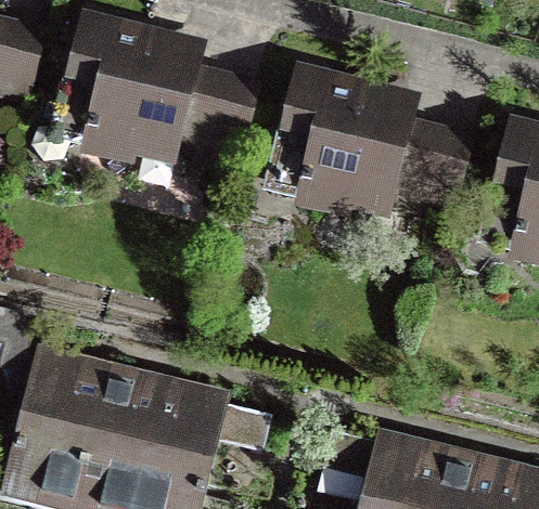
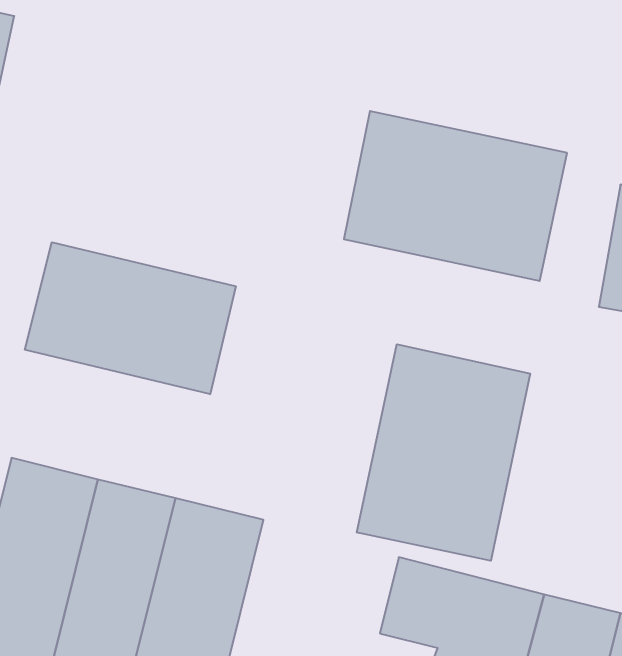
building: [87,41,251,160] -> none
building: none -> [25,242,236,394]
building: none -> [357,344,530,561]

